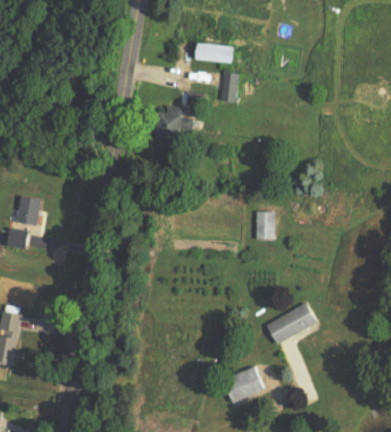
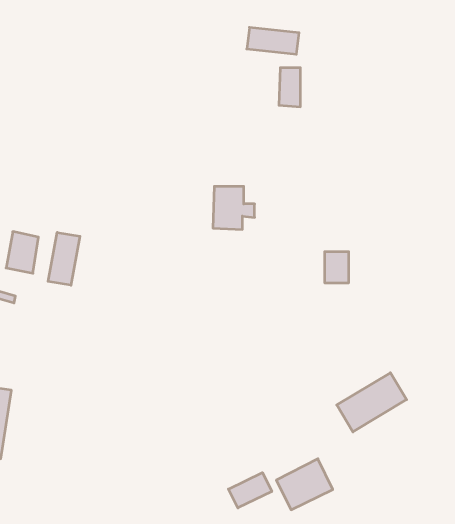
building: [163,106,194,138] -> [213,186,255,229]
building: none -> [48,232,80,285]
building: none -> [228,473,272,508]

